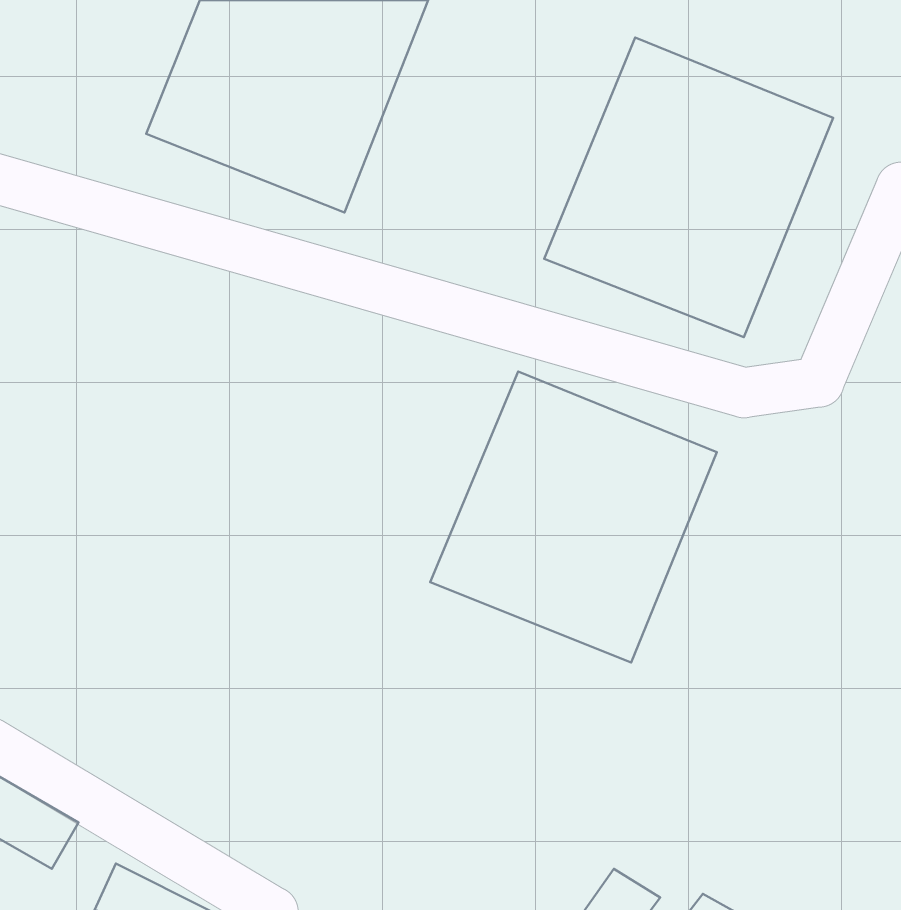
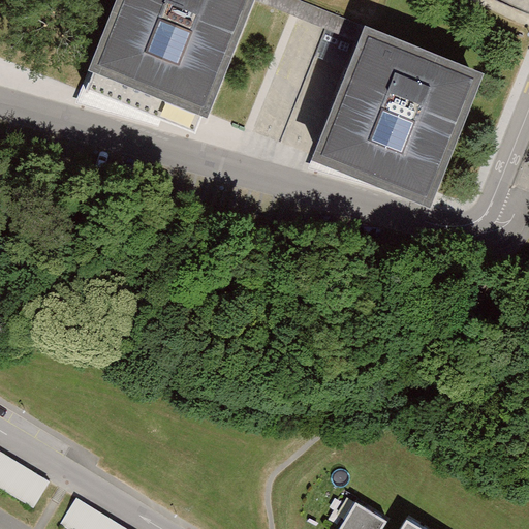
building: [430,371,717,663] -> none

